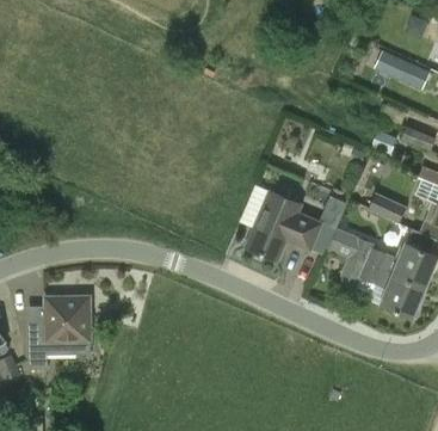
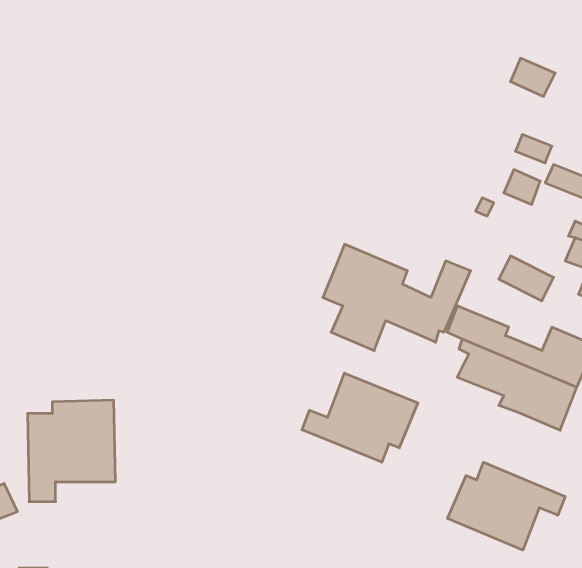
building: none -> [302,373,418,462]
building: none -> [448,462,565,550]

